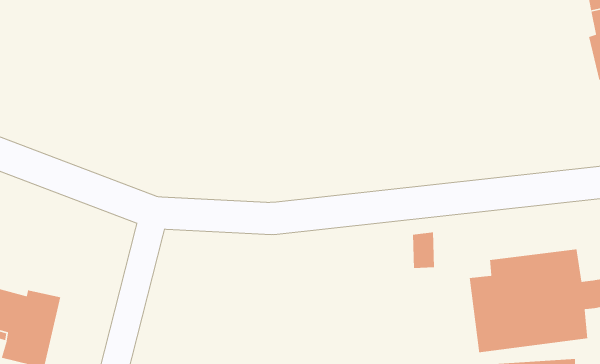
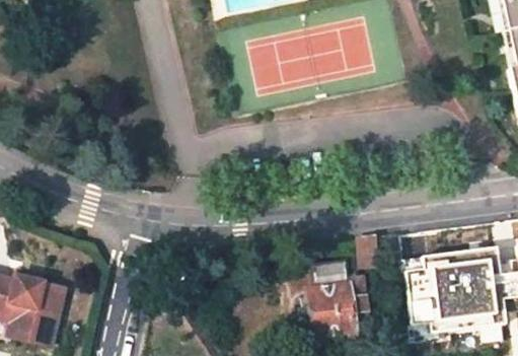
building: none -> [298,253,368,329]

